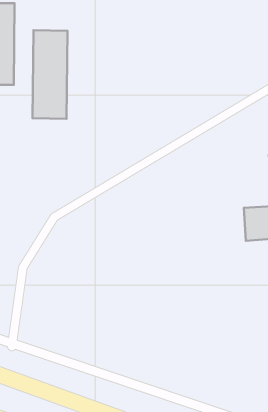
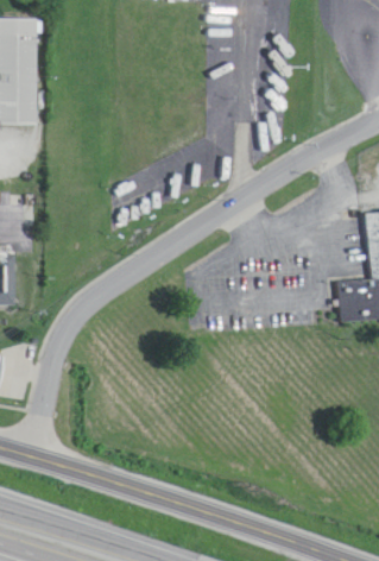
building: [32,30,67,119] -> none

